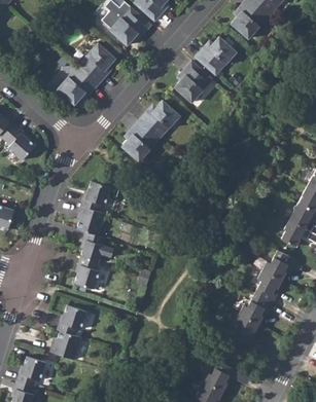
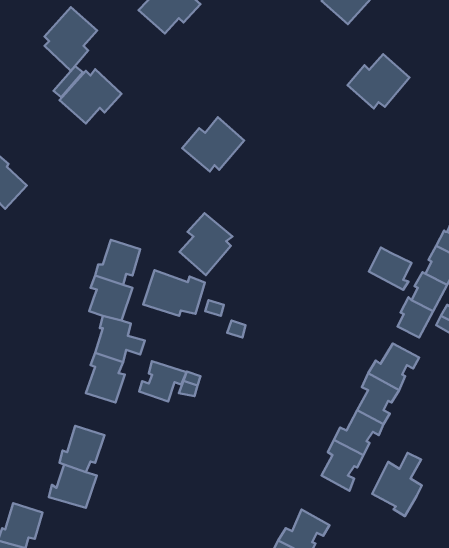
building: [195,37,236,73] -> [347,54,409,109]
building: [80,43,115,85] -> [45,7,97,71]
building: [174,61,209,103] -> none
building: [121,121,156,162] -> [180,213,232,275]
building: none -> [369,247,412,290]
building: none -> [143,270,205,316]
building: none -> [139,361,186,401]
building: none -> [372,453,422,516]

